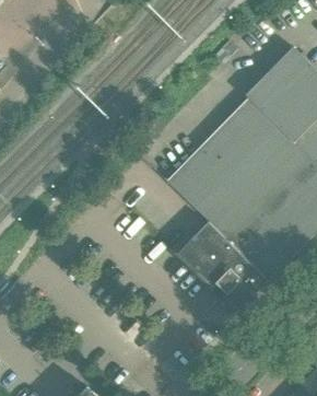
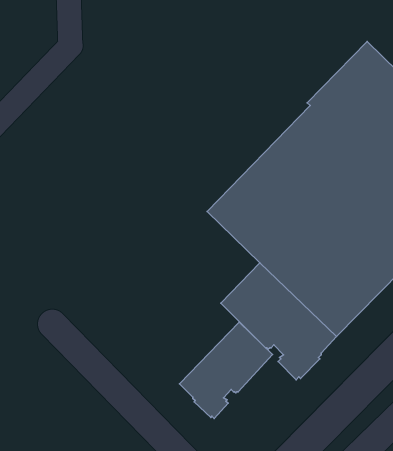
building: none -> [179,322,273,418]

